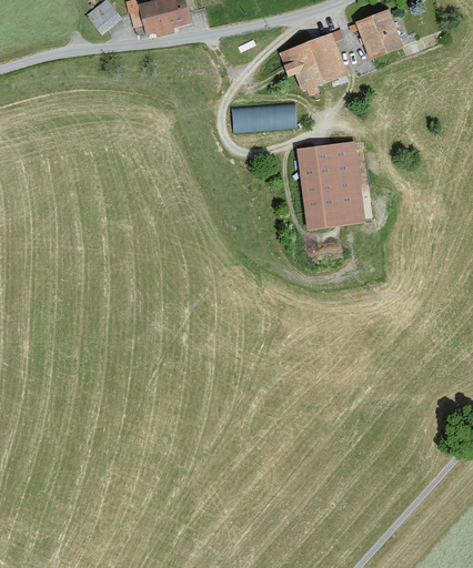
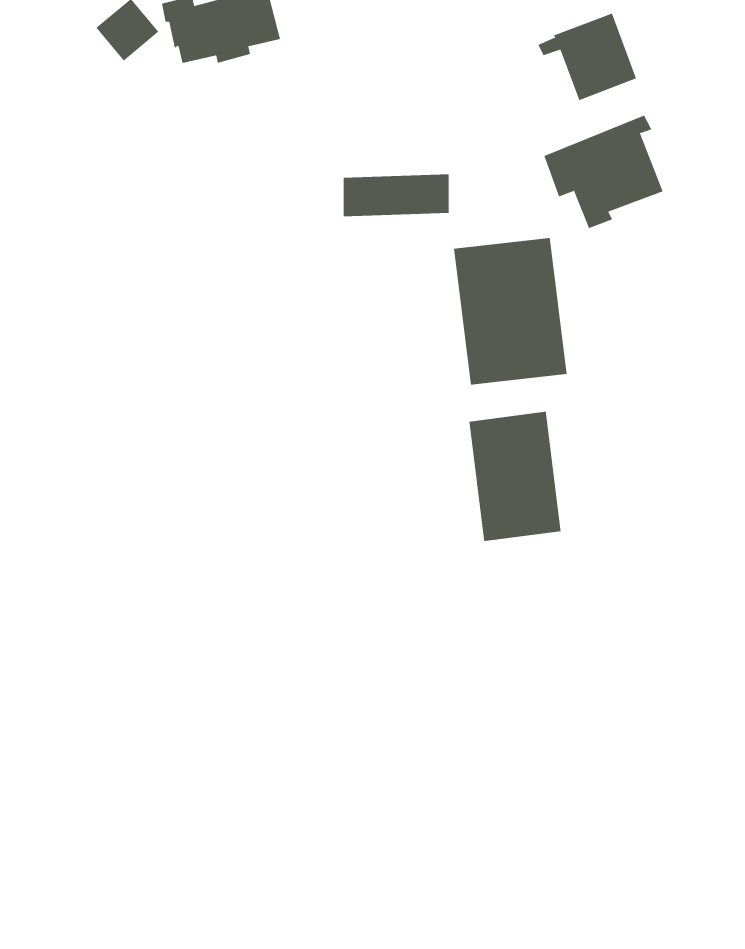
building: [278,29,349,97] -> [544,115,663,229]
building: none -> [469,411,561,542]

